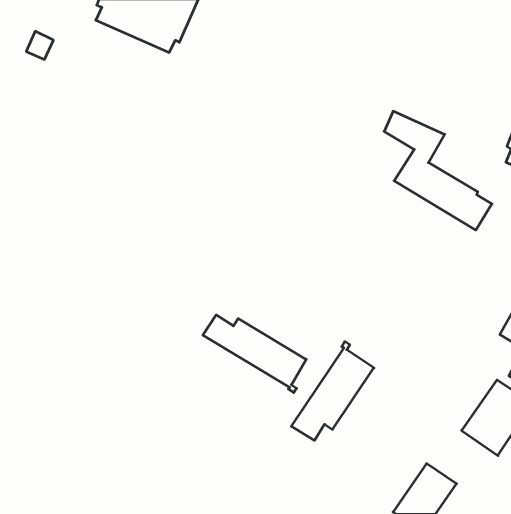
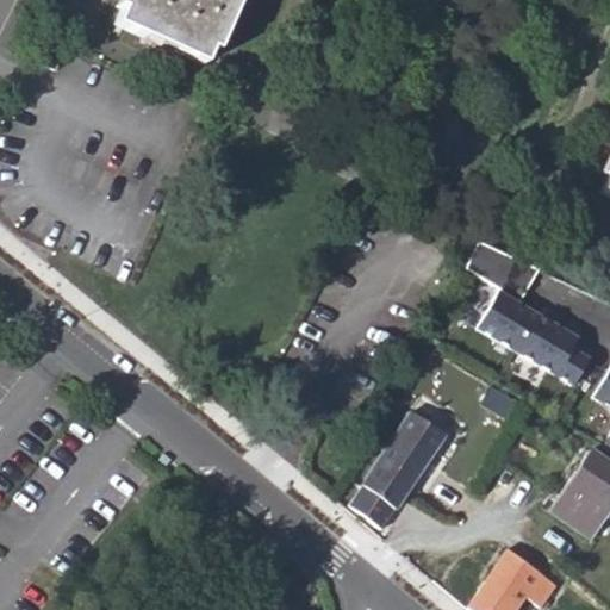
building: [384,111,492,230] -> [468,243,596,384]
building: [203,315,306,393] -> none

